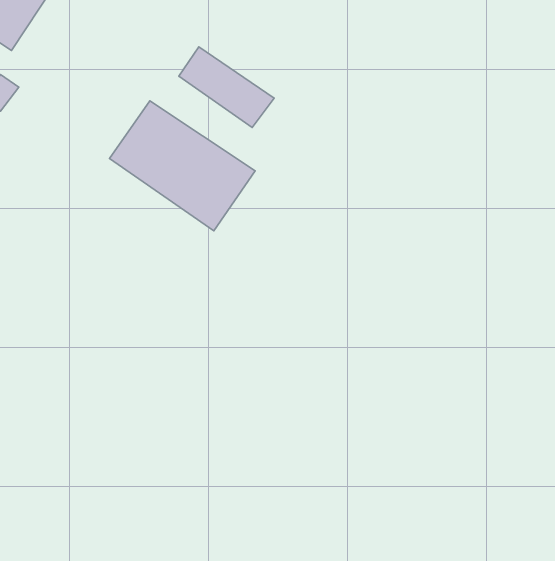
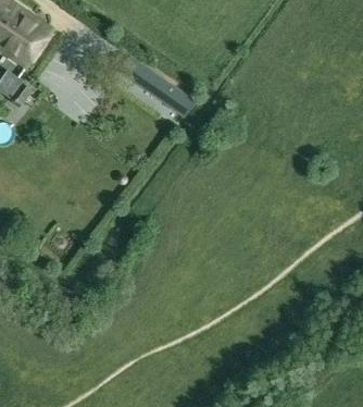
building: [110,101,255,231] -> none

